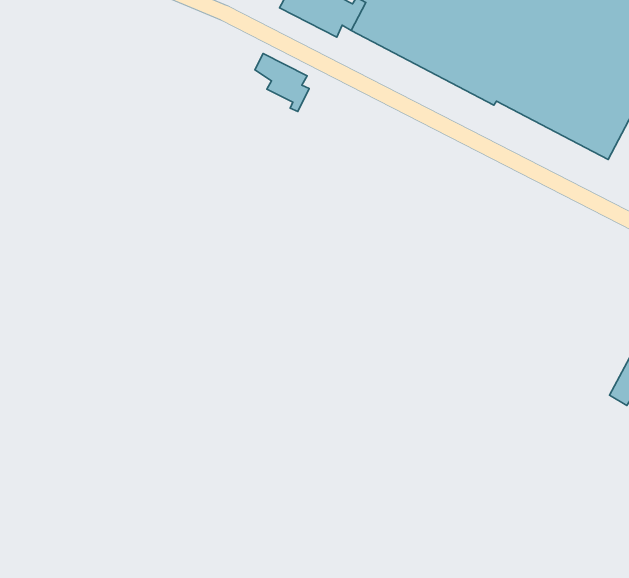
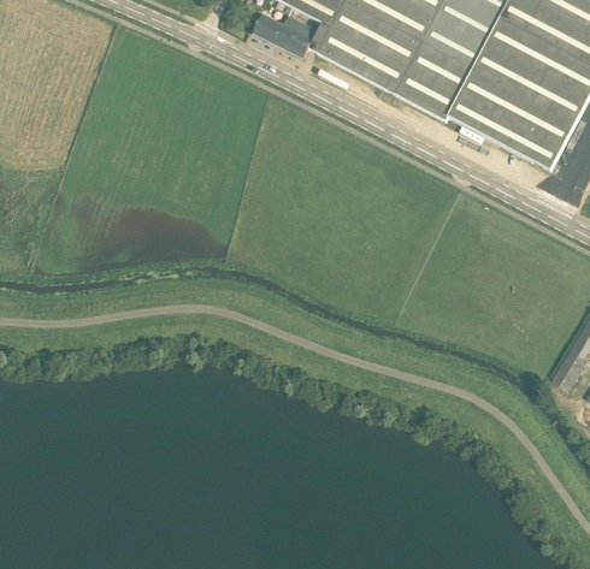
building: [255,53,309,111] -> none

